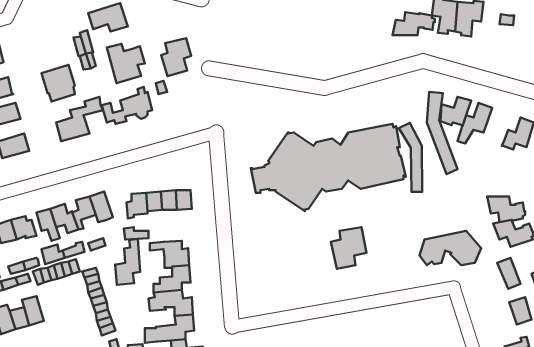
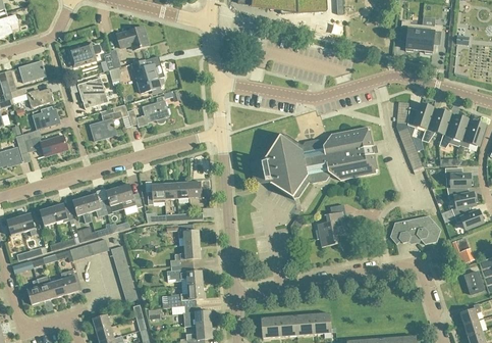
building: [392,12,435,35] -> none
building: none -> [66,41,100,63]
building: [161,38,191,76] -> none
building: none -> [438,114,467,147]
building: [399,123,422,192] -> none
building: none -> [444,167,472,186]
building: [115,239,140,285] -> none

